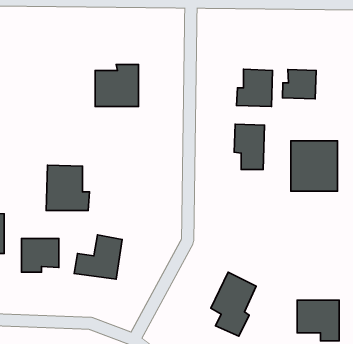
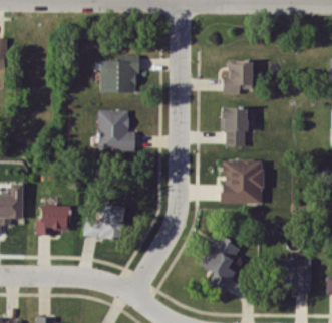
building: [282,70,316,99] -> none
building: [291,141,338,191] -> [223,160,263,204]
building: [46,165,89,211] -> [98,110,135,149]

